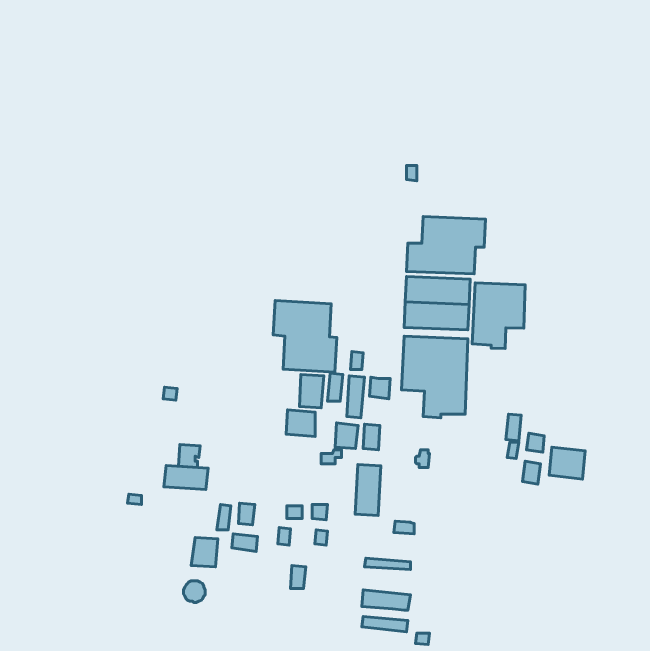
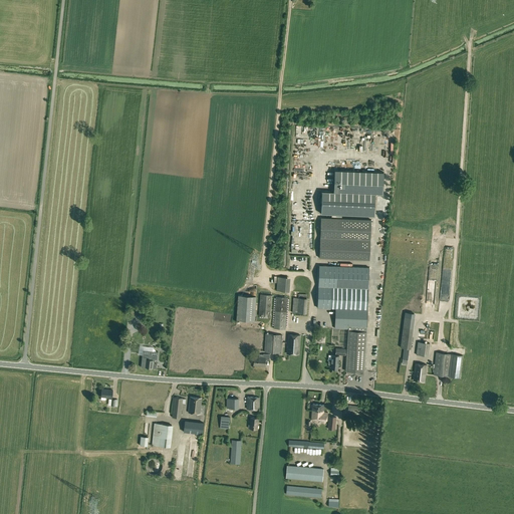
building: [472,283,525,348] -> none
building: [273,301,337,372] -> none
building: [286,410,315,437] -> none
building: [355,464,381,515] -> [345,331,365,371]
building: [164,466,208,489] -> none

